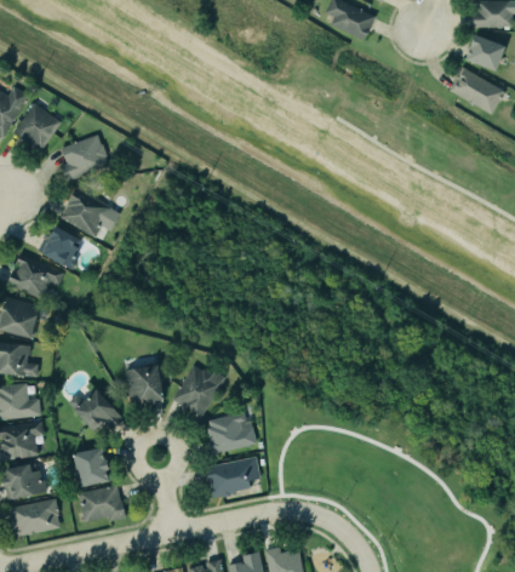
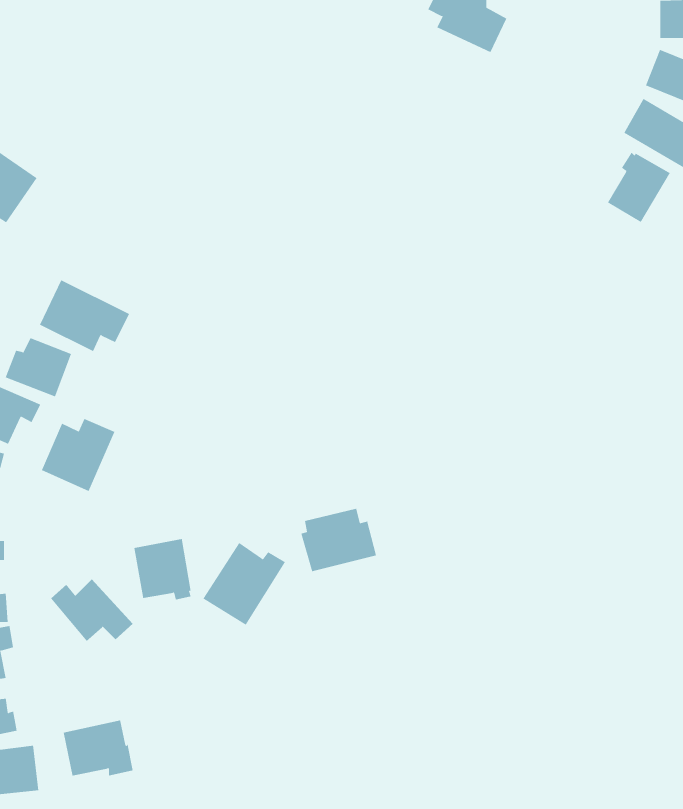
building: none -> [607,152,670,223]
building: [59,135,108,181] -> none
building: none -> [41,418,115,492]
building: [206,411,257,453] -> [301,508,377,572]
building: [73,446,109,486] -> none
building: [207,457,263,496] -> none

